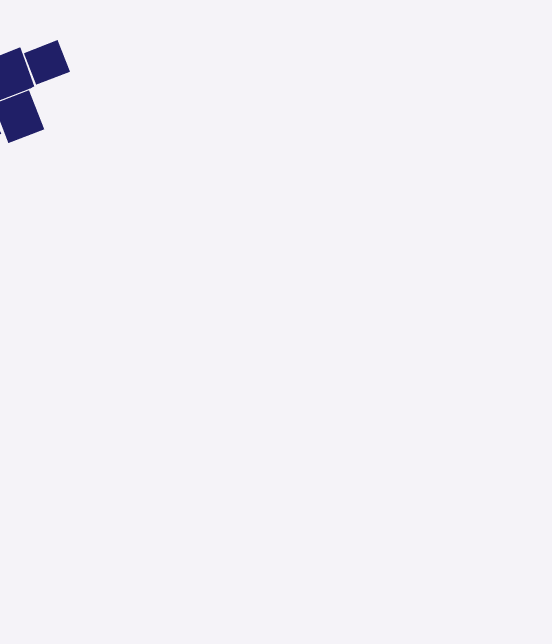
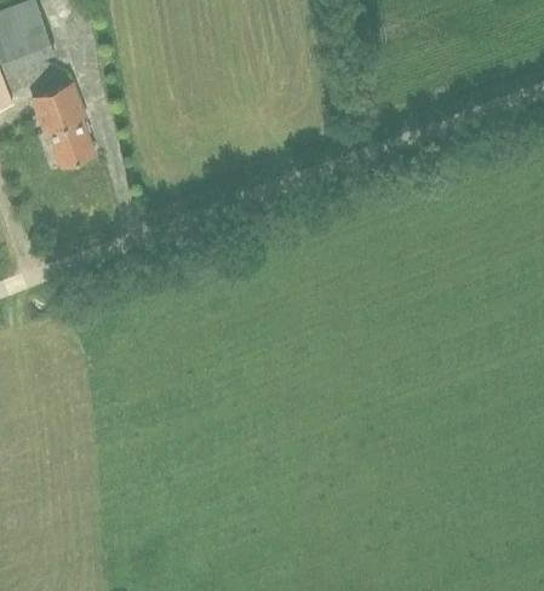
building: [23,39,71,86] -> none

